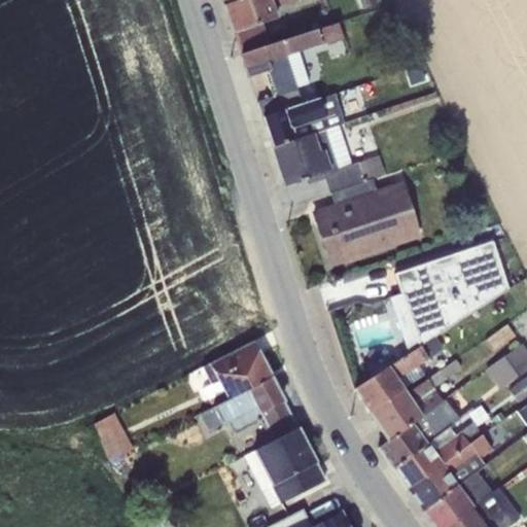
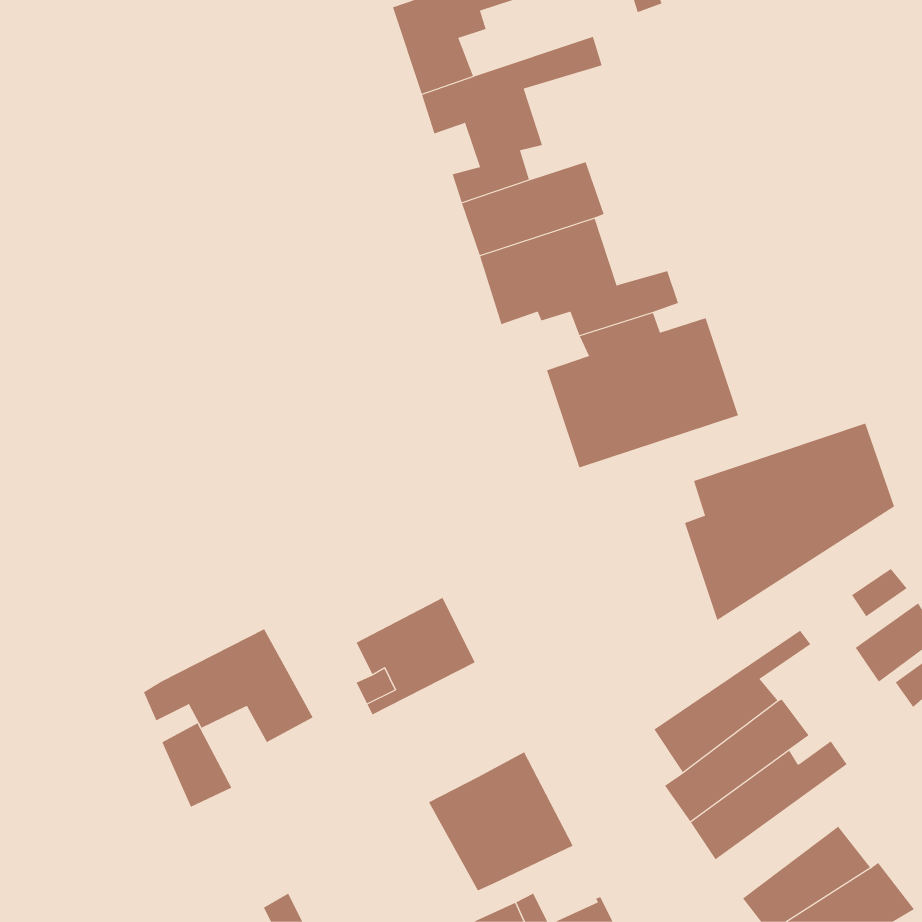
building: [355,336,445,414] -> none
building: [204,376,301,441] -> [143,629,314,743]
building: [409,433,494,510] -> none

